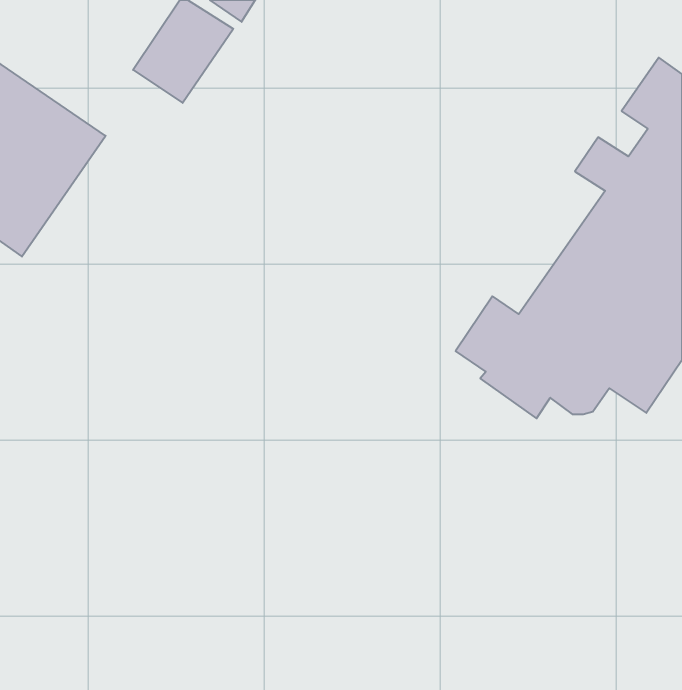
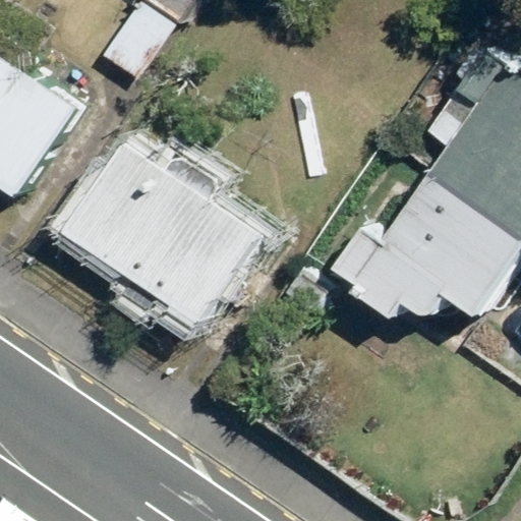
building: none -> [68,143,262,322]

